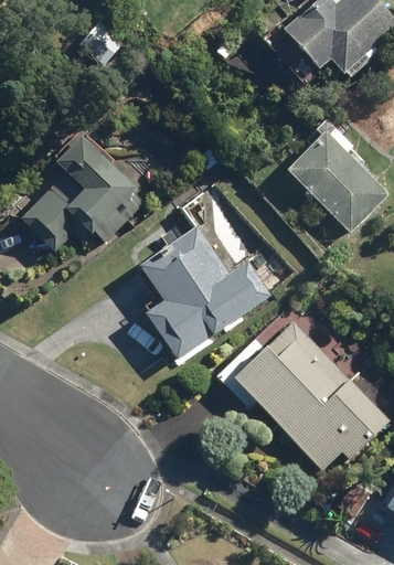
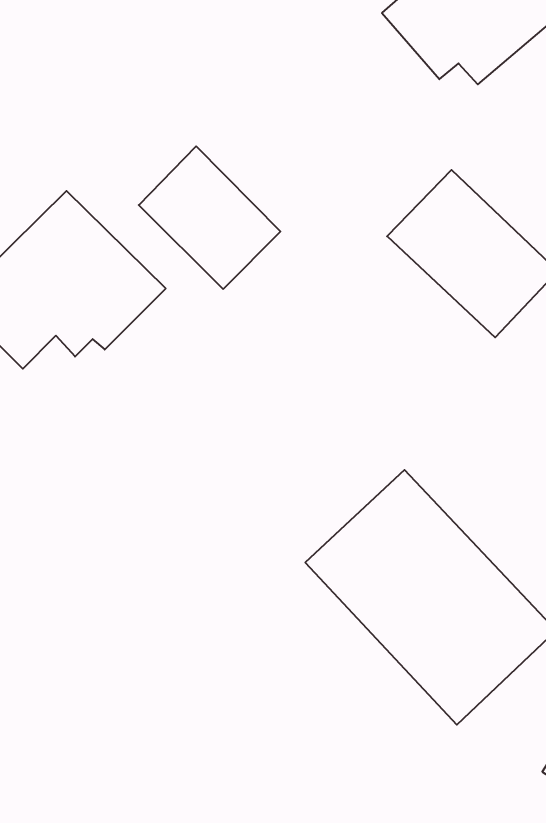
building: none -> [139,146,280,289]
building: [138,222,276,360] -> none

